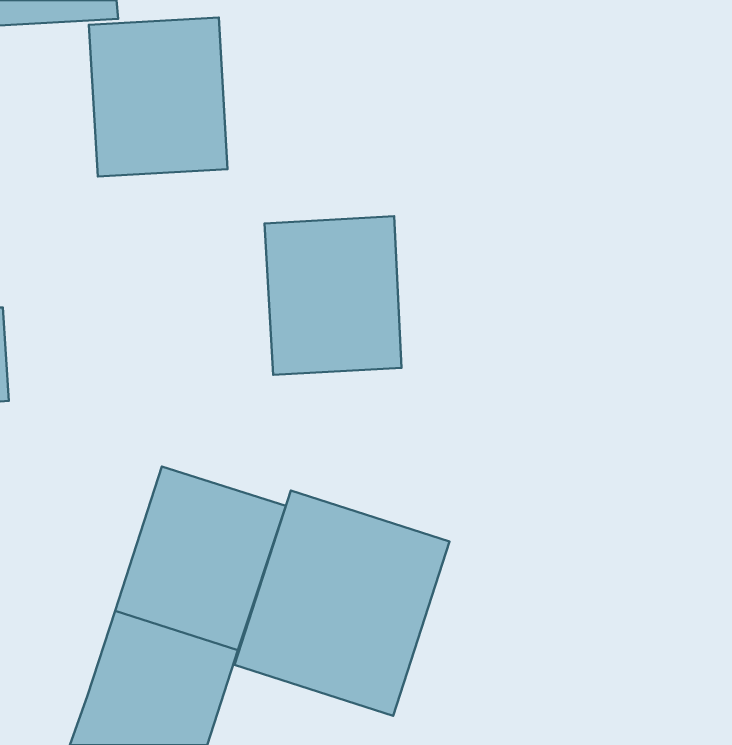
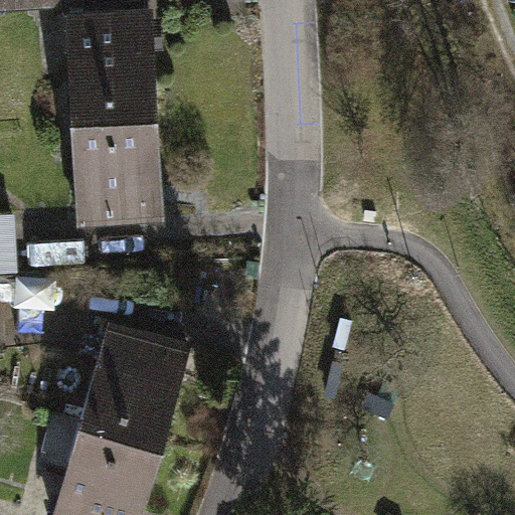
building: [264,216,402,375] -> [67,117,162,226]
building: [234,490,450,716] -> none

